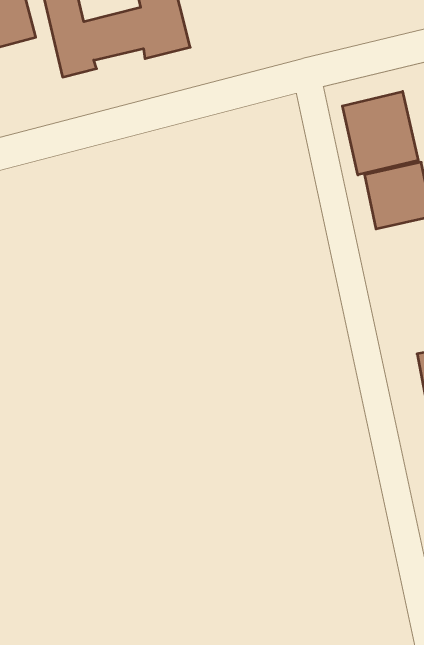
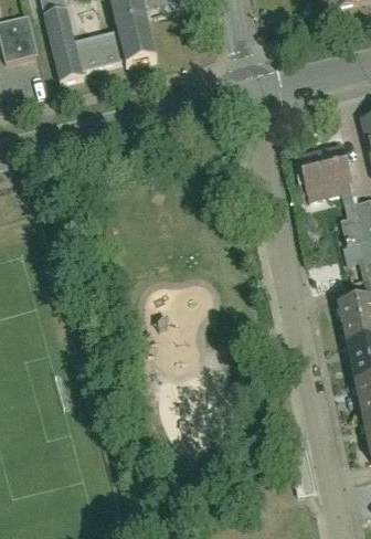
building: [342,91,418,175] -> none

